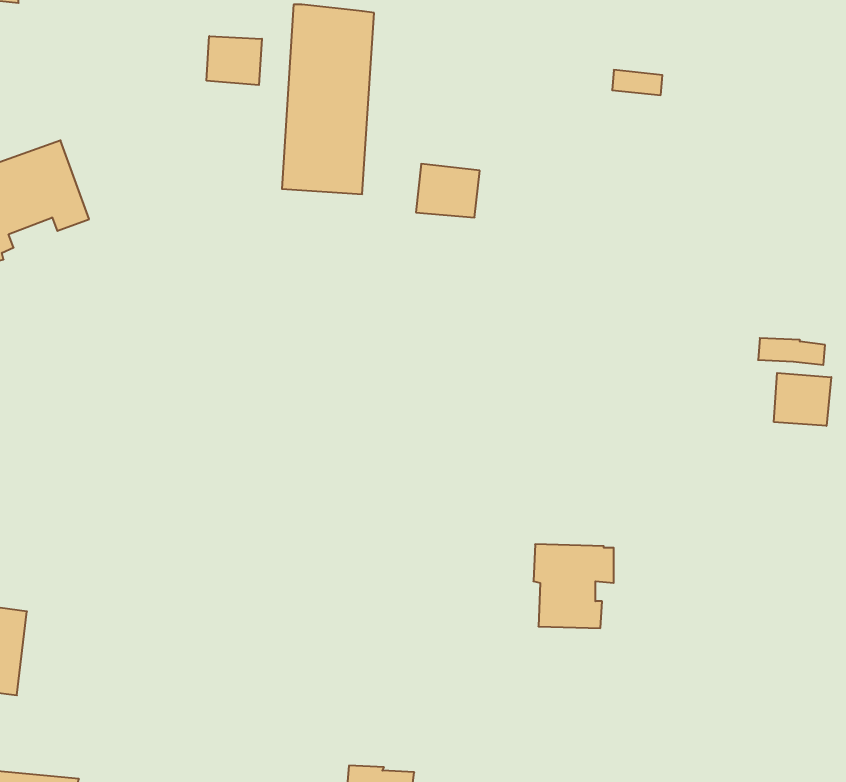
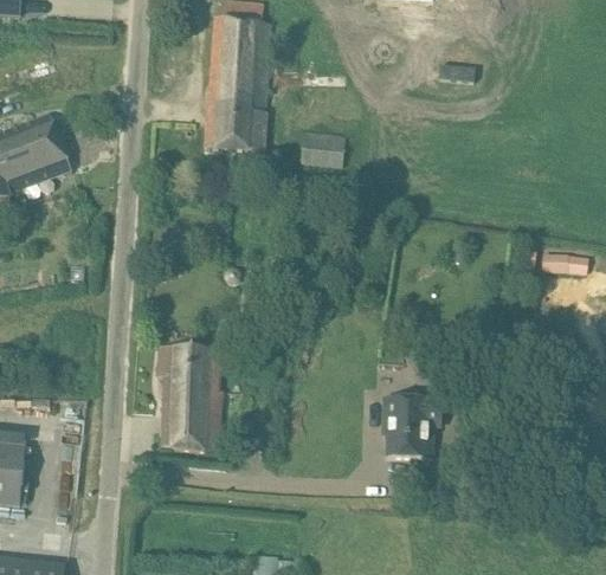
building: [207,36,262,85] -> none
building: [774,373,831,426] -> none
building: none -> [156,345,226,454]

